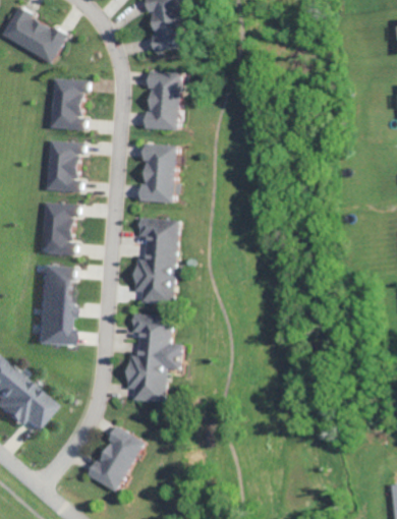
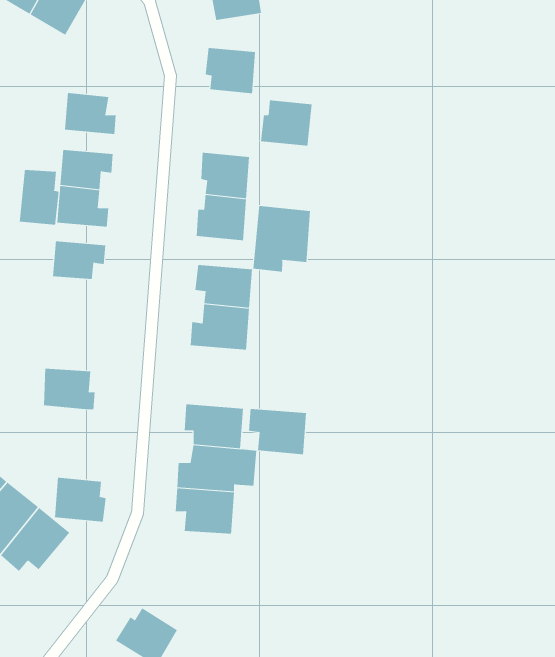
building: [53,78,90,105] -> none
building: [144,100,179,131] -> [260,100,313,146]
building: none -> [19,169,59,225]
building: none -> [253,205,311,272]
building: [40,227,76,255] -> none
building: [38,264,75,291] -> none
building: [135,274,175,305] -> [248,408,307,455]
building: [35,314,70,345] -> [54,477,106,522]
building: [104,425,144,467] -> none

